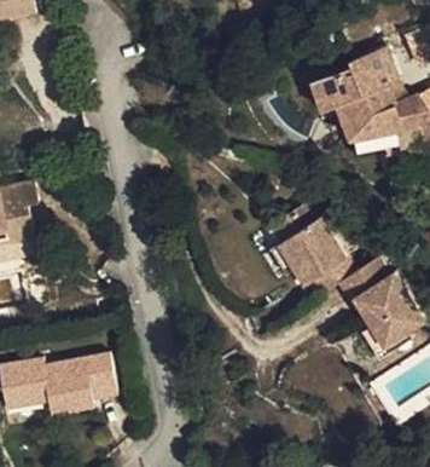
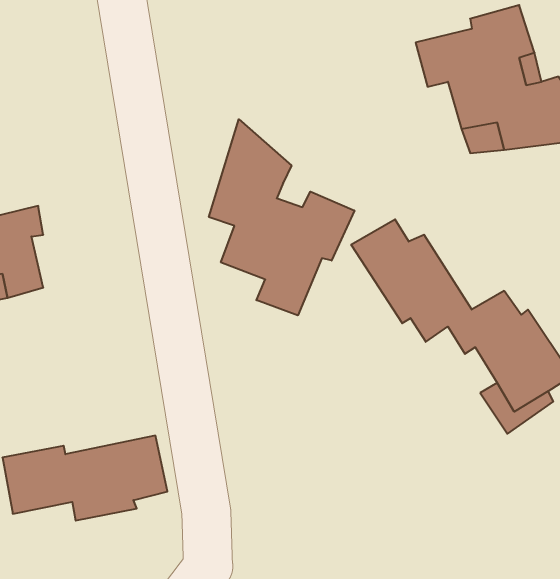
building: none -> [209,119,354,315]

